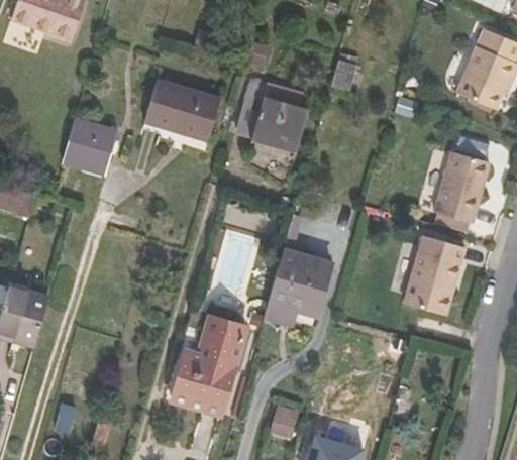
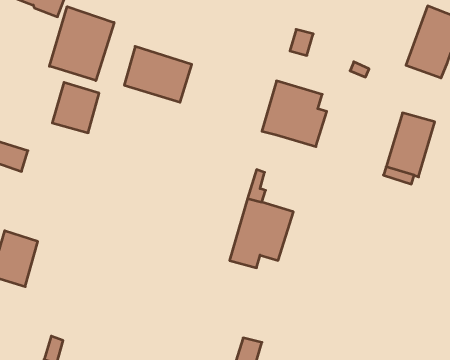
building: none -> [49,7,114,81]
building: [234,76,307,149] -> [262,81,327,147]
building: [408,235,468,315] -> none
building: [170,315,245,415] -> none

